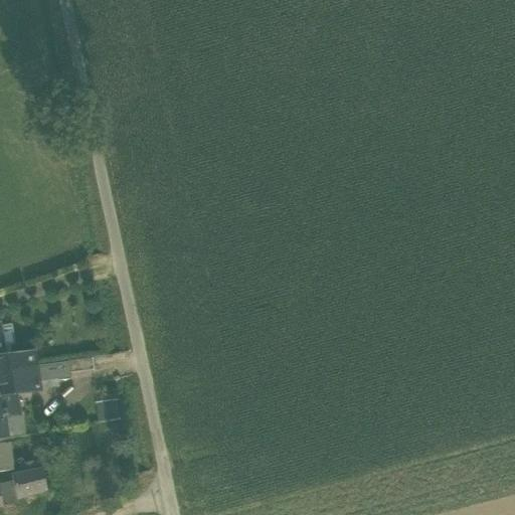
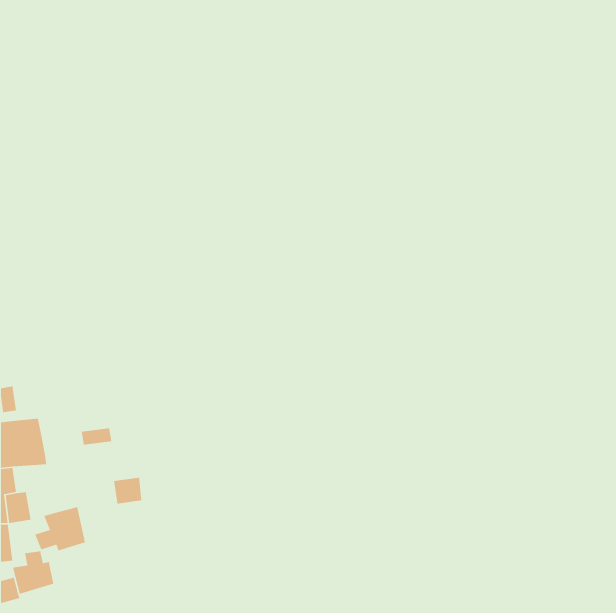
building: [35,360,69,380] -> none
building: none -> [34,506,86,552]

